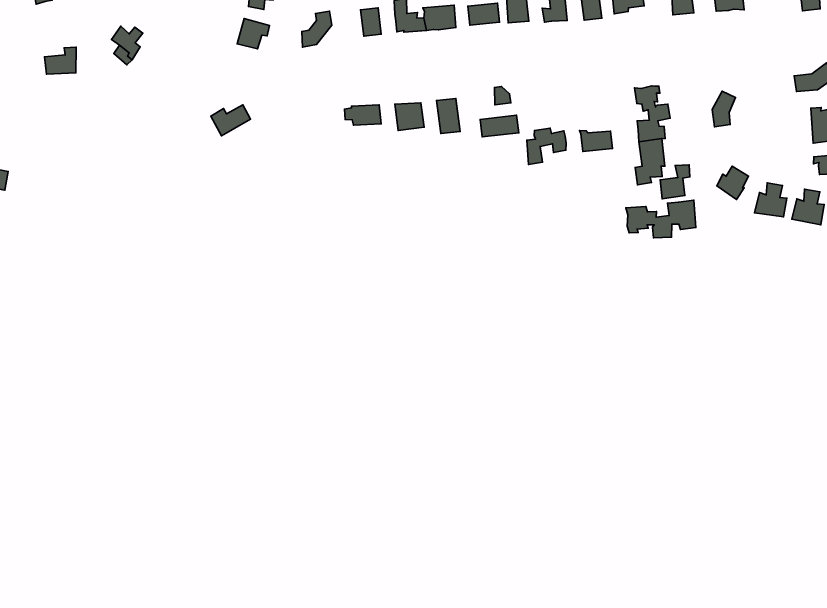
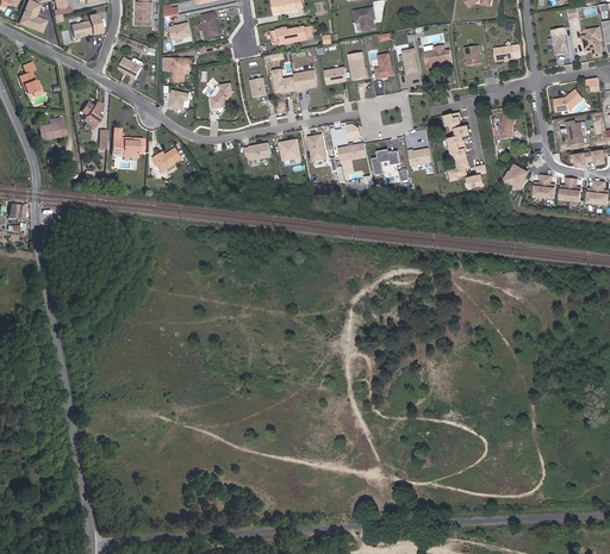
building: none -> [111,127,142,157]
building: [626,200,696,238] -> none

